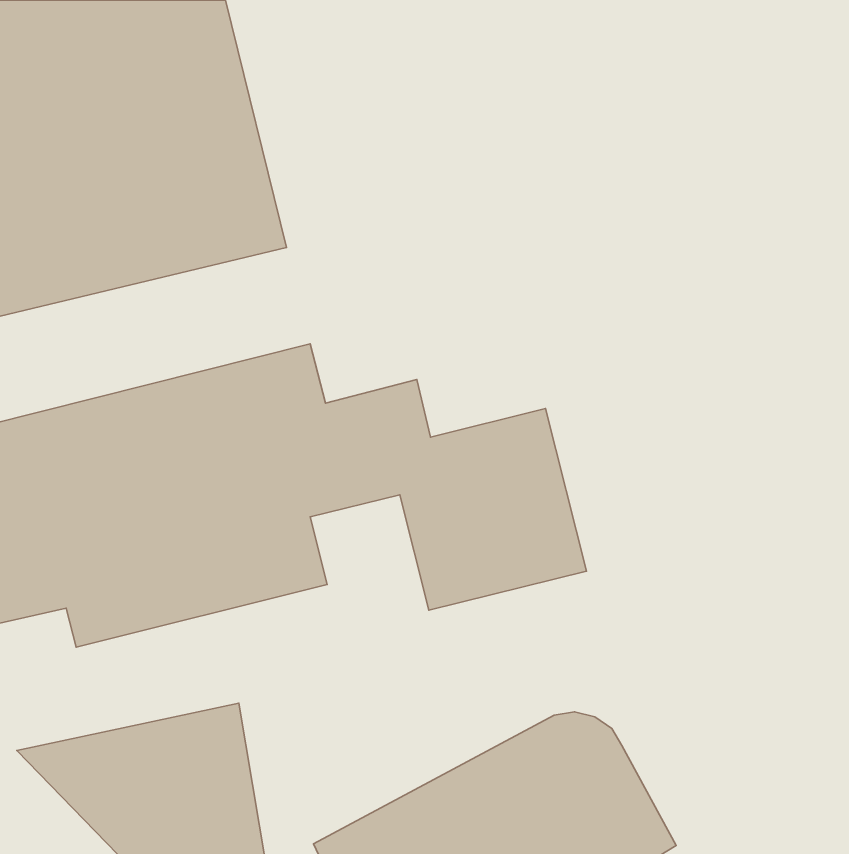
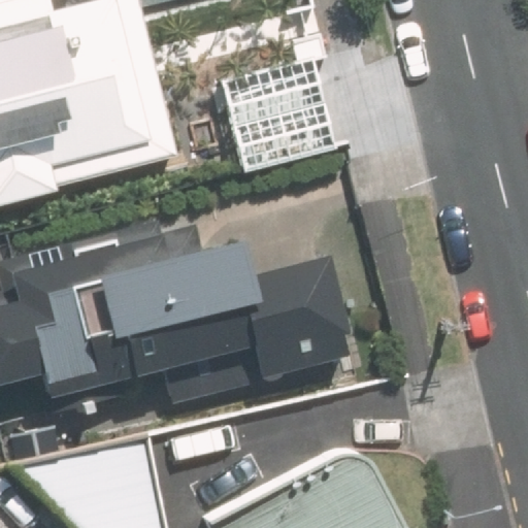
building: none -> [231,68,332,170]

